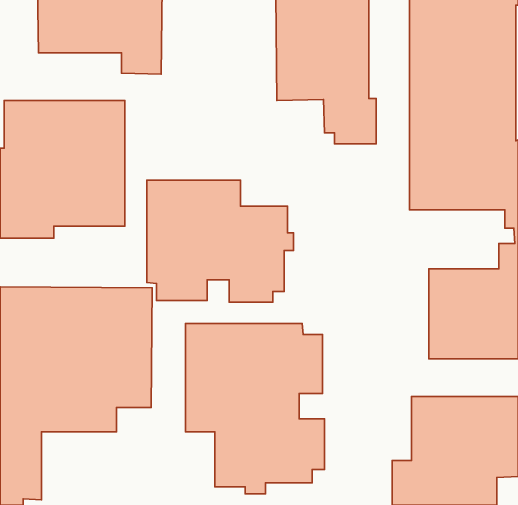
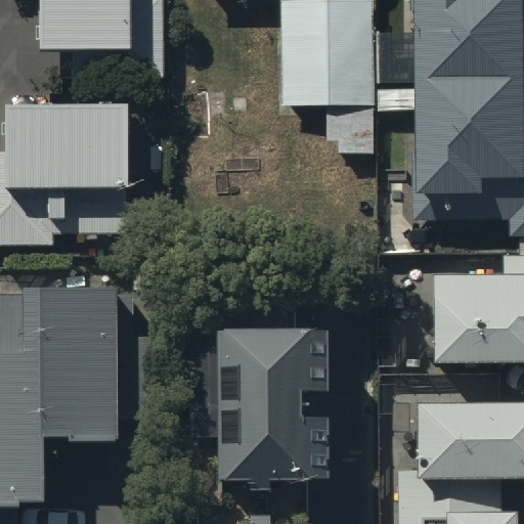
building: [147,180,294,302] -> none

